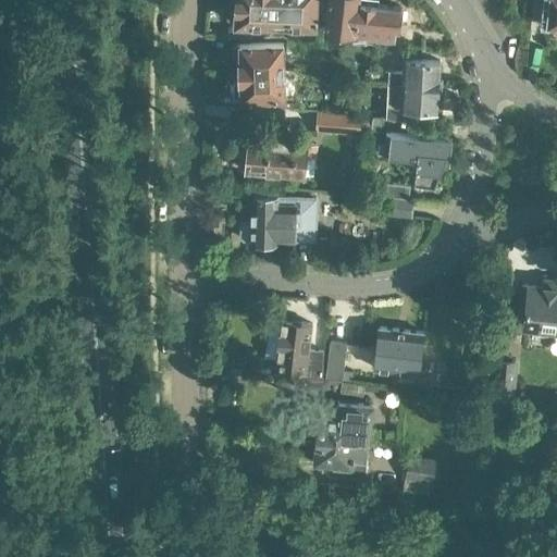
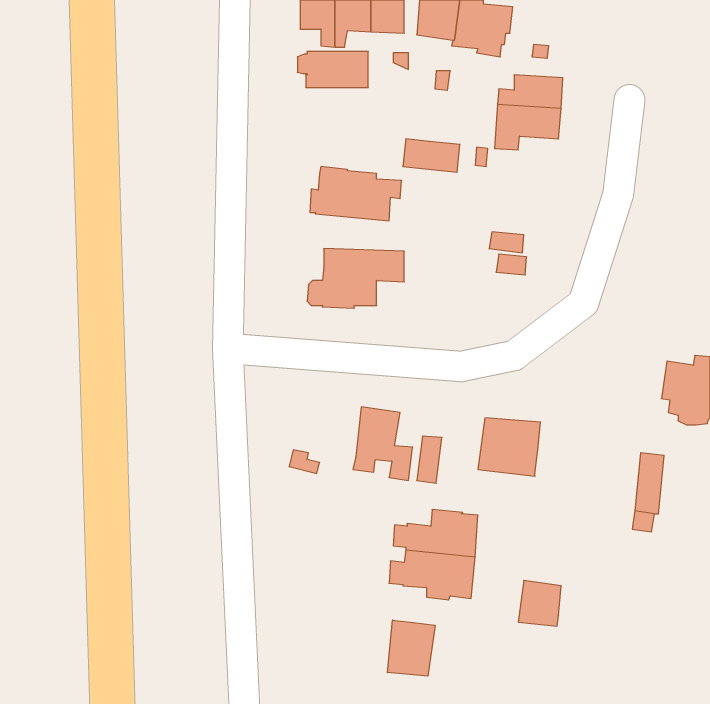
building: [234,73,288,110] -> none
building: [384,135,453,193] -> none
building: none -> [387,620,435,676]

